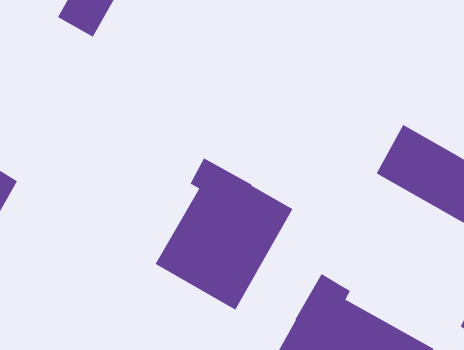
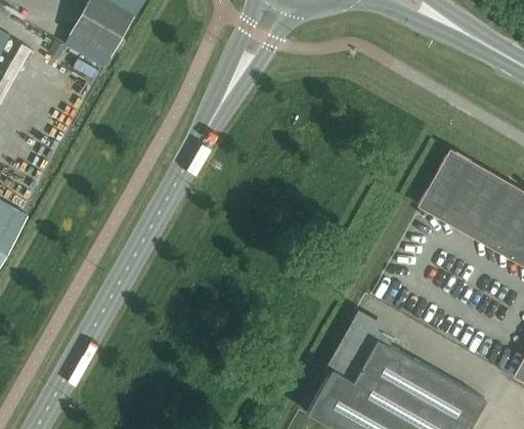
building: [155,157,293,311] -> none

